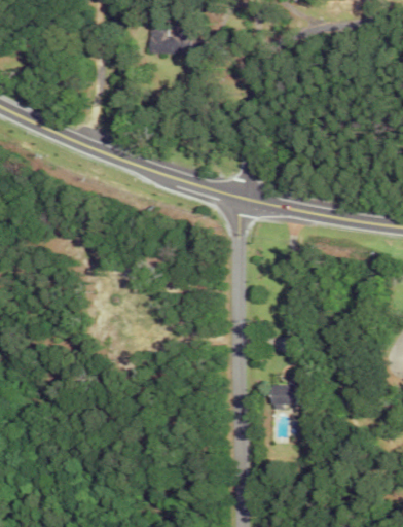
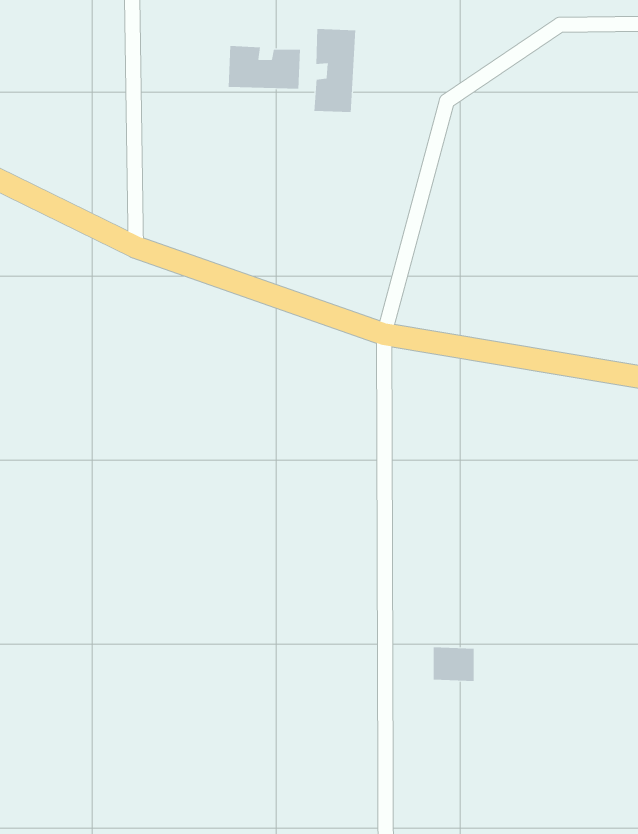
building: none -> [314,28,356,113]

